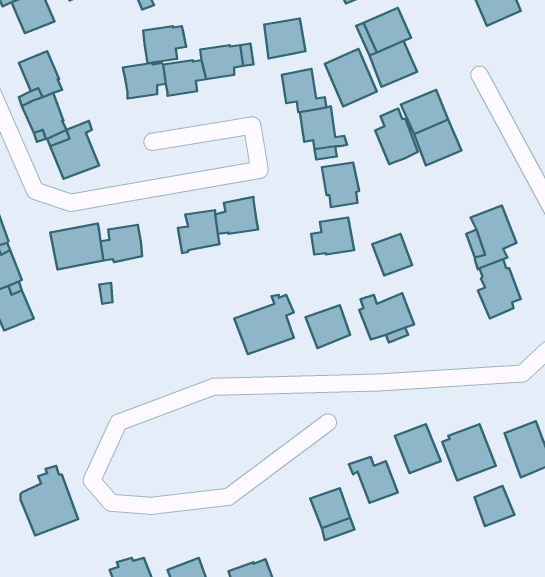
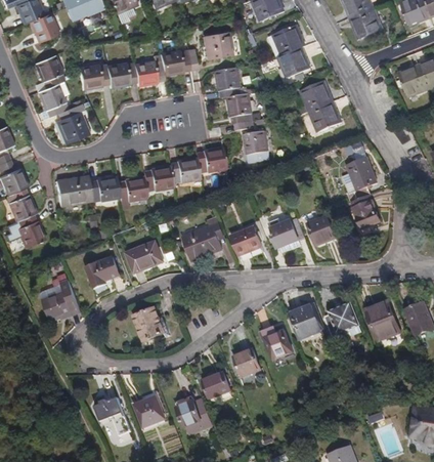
building: [143,26,186,63] -> [78,59,107,85]
building: [325,49,377,106] -> none
building: [375,109,418,164] -> none
building: [311,217,354,255] -> [196,143,225,169]
building: none -> [118,172,147,198]
building: [372,234,412,276] -> [307,218,335,247]
building: none -> [129,244,165,275]
building: none -> [87,258,122,291]
building: none -> [133,312,164,346]
building: [20,466,78,536] -> [41,274,81,322]
building: [475,486,515,526] -> none
building: none -> [204,377,231,404]

